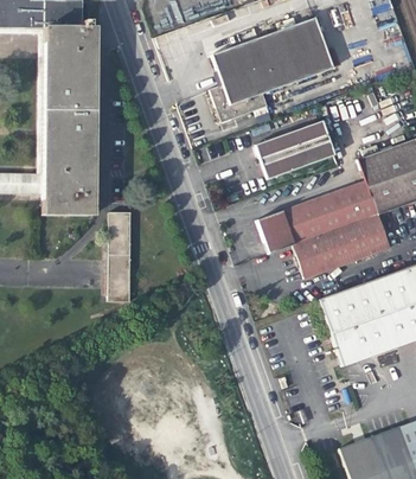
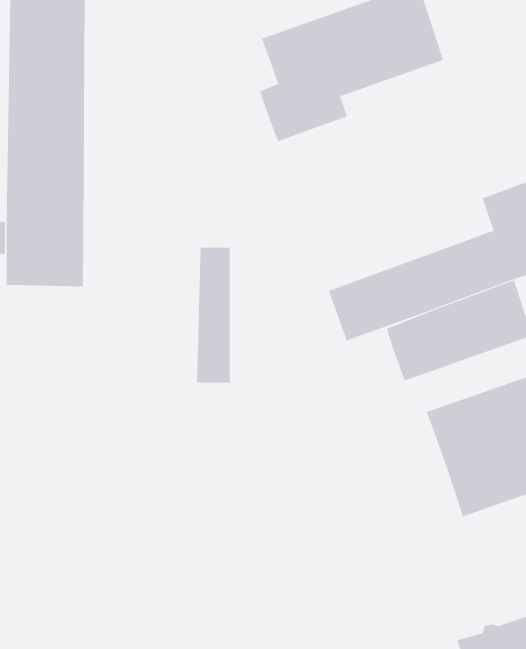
building: [255,119,332,177] -> none
building: [107,212,129,301] -> [196,247,231,383]

